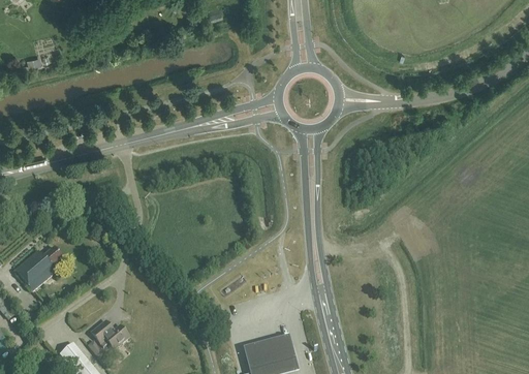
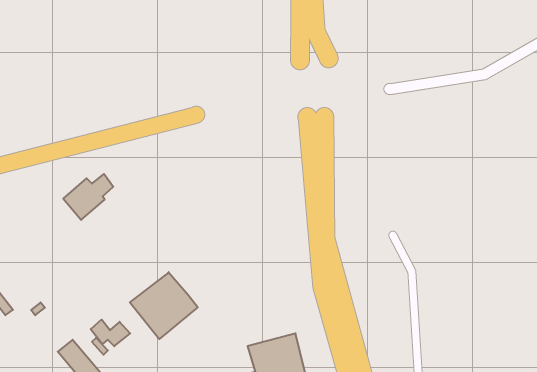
building: [13,246,62,290] -> [63,174,113,220]
building: none -> [130,272,198,339]

